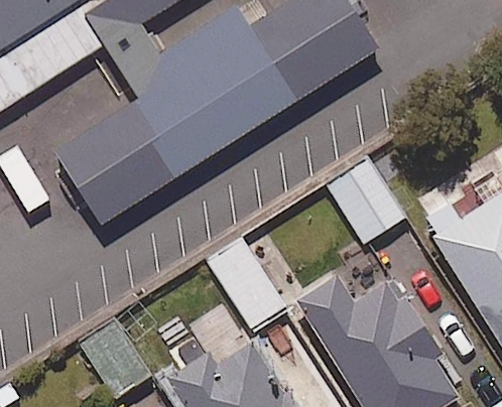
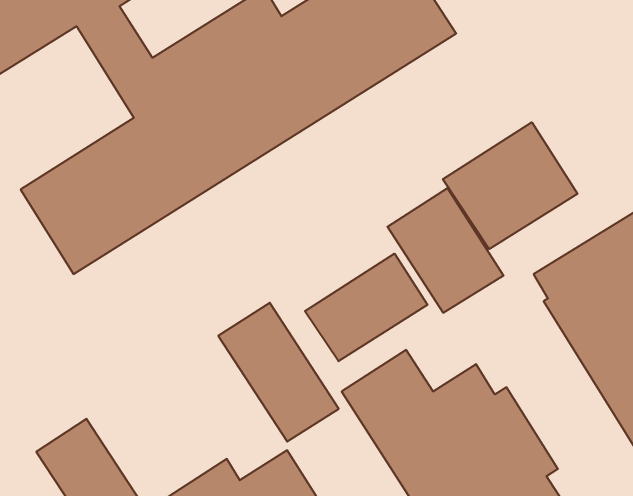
building: none -> [443,122,577,249]
building: none -> [305,254,427,361]

